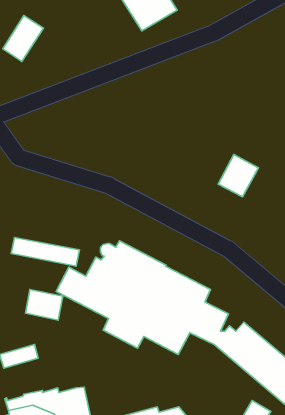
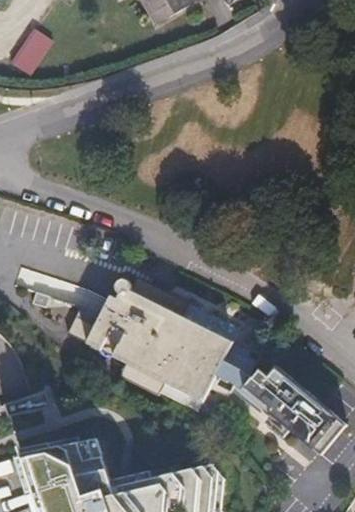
building: [218,155,259,197] -> none
building: [26,290,63,320] -> none

